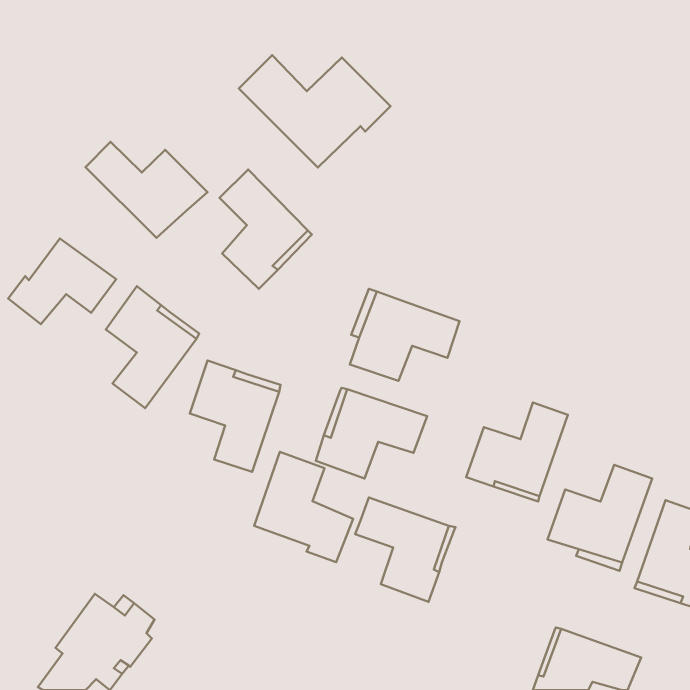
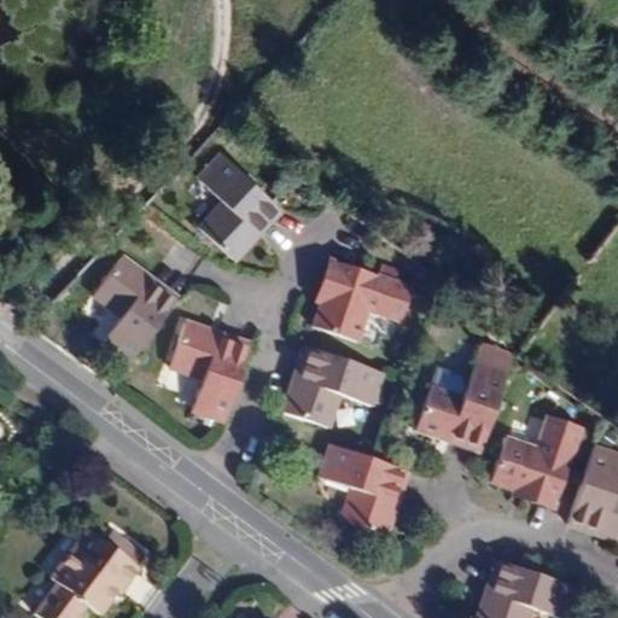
building: [239,55,391,167] -> none
building: [86,142,207,238] -> none
building: [8,238,116,324] -> none
building: [254,452,353,562] -> none

